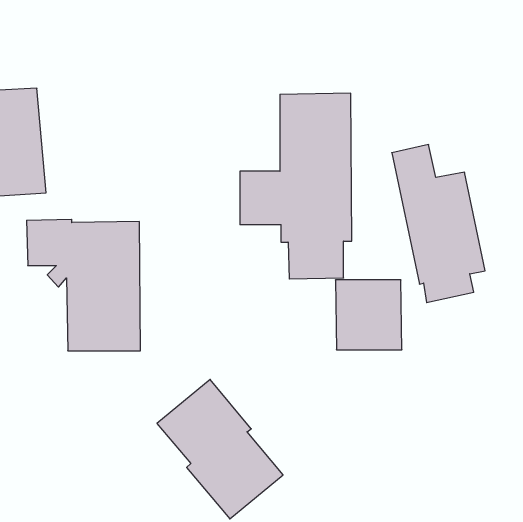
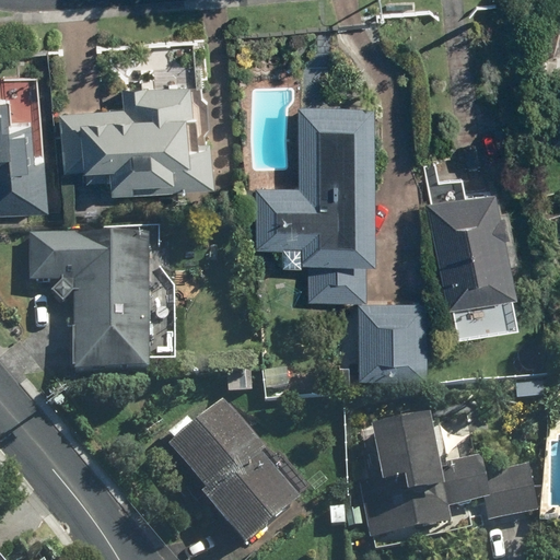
building: none -> [58,78,214,187]
building: none -> [358,419,538,539]

